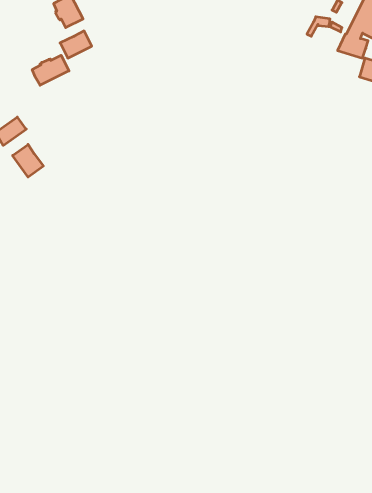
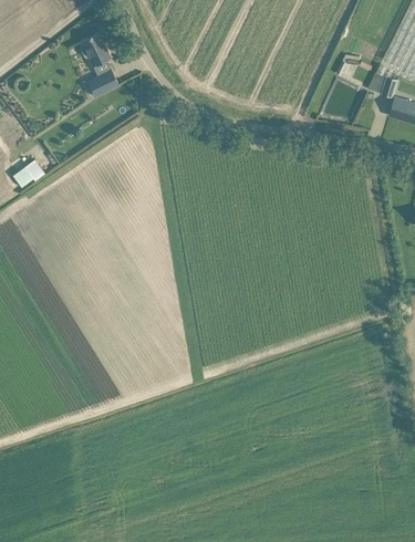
building: [32,55,69,85] -> none
building: [13,144,43,177] -> none

